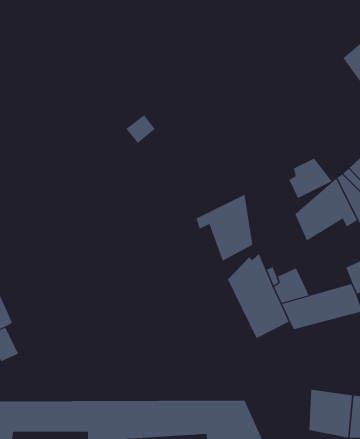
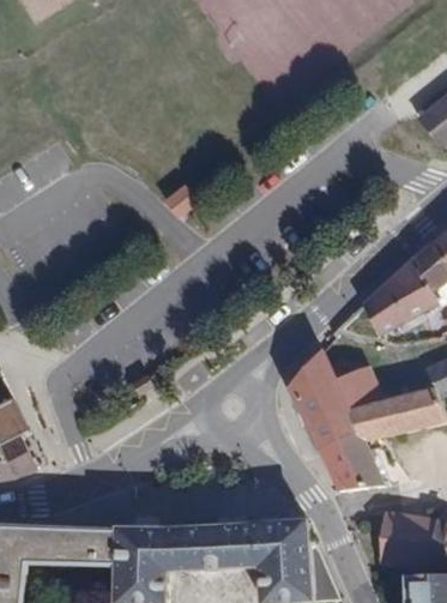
building: [288,158,333,199] -> none
building: [196,194,253,262] -> none
building: none -> [318,432,385,490]

